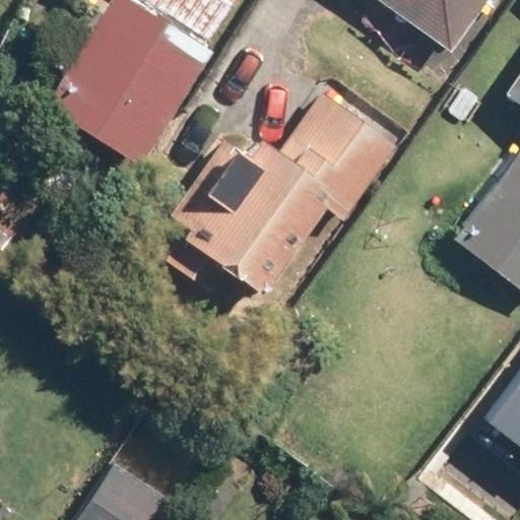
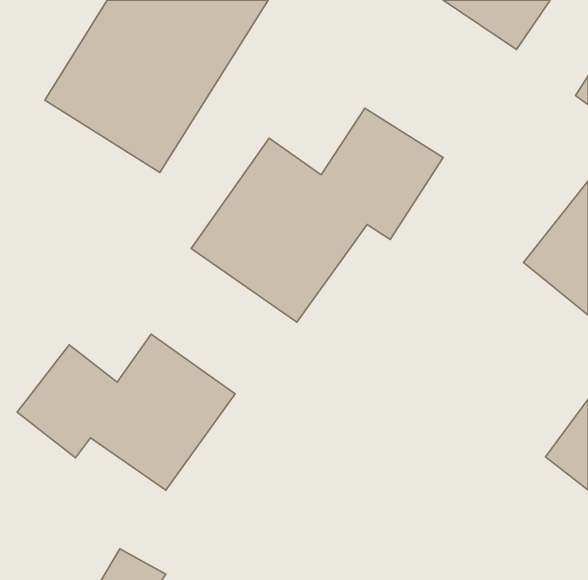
building: none -> [17,334,235,490]

